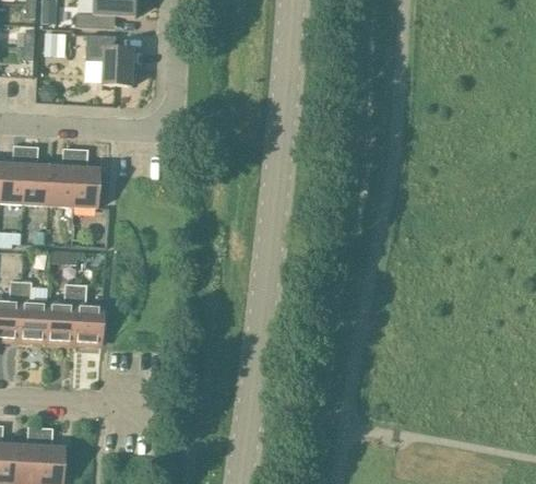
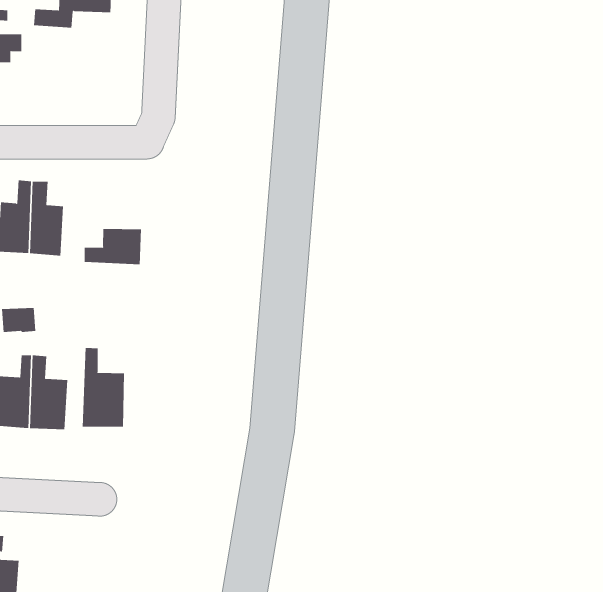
building: [85,35,133,86] -> none
building: none -> [84,228,142,265]
building: none -> [82,347,125,428]

